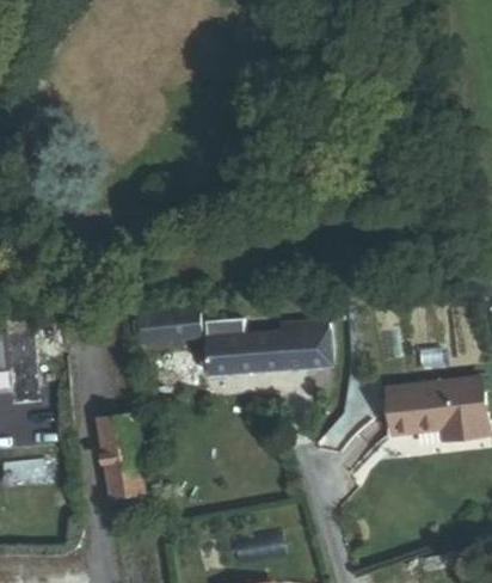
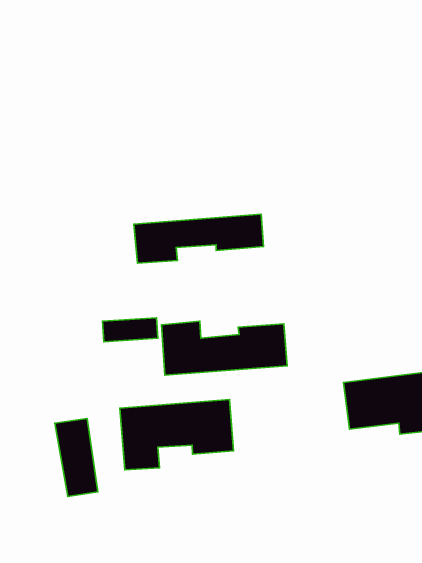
building: none -> [134,214,263,263]
building: none -> [120,399,233,470]

